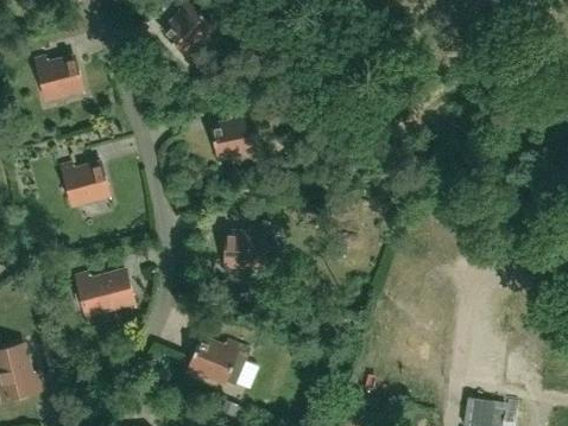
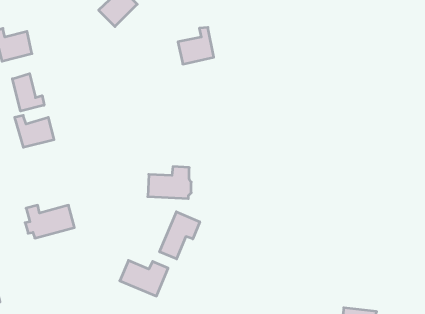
building: [212,110,255,155] -> [178,27,214,64]
building: none -> [12,74,44,111]
building: none -> [160,212,200,259]

